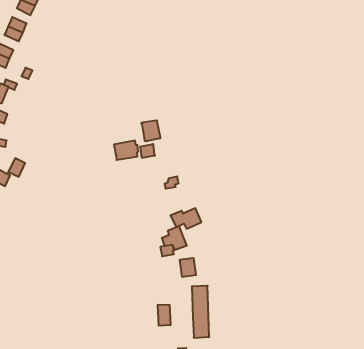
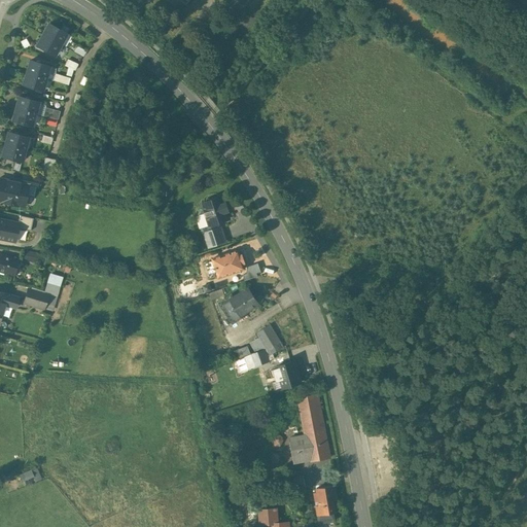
building: [114,141,138,160] -> [212,250,244,278]
building: [170,208,201,229] -> [218,288,258,316]
building: [158,305,171,325] -> [289,436,310,464]

